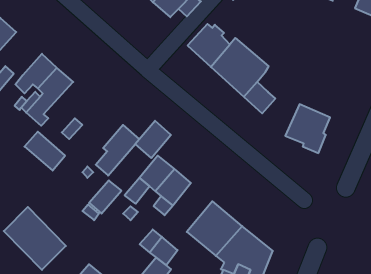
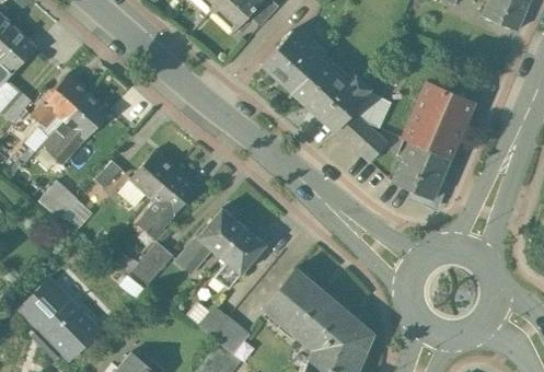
building: none -> [402,82,474,159]
building: none -> [354,91,391,128]
building: [135,121,171,158] -> [129,150,176,199]

